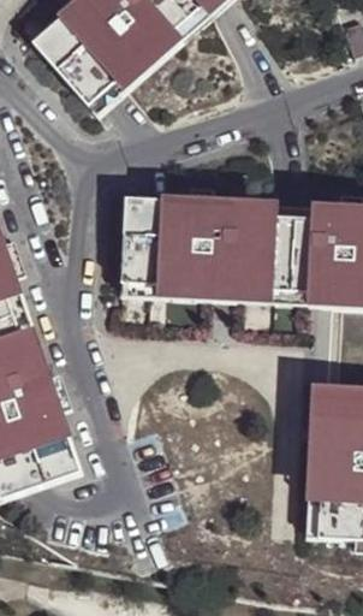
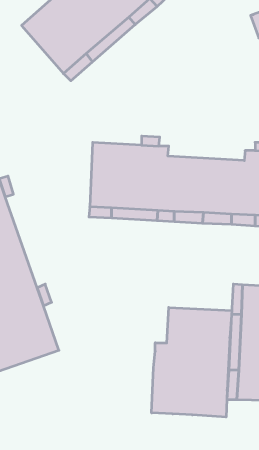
building: none -> [152,307,232,417]

